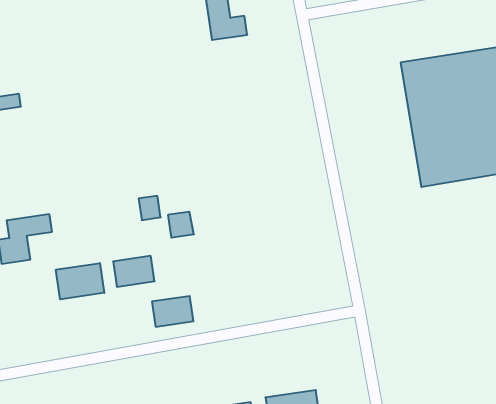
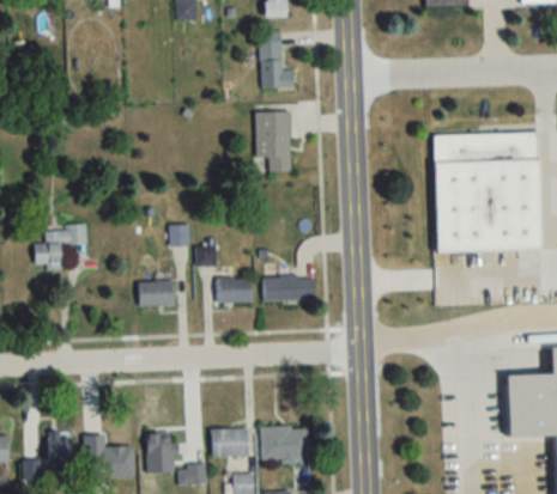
building: none -> [255,110,291,171]
building: none -> [262,275,311,299]
building: [56,263,104,299] -> none
building: [152,296,193,327] -> [216,278,252,301]

